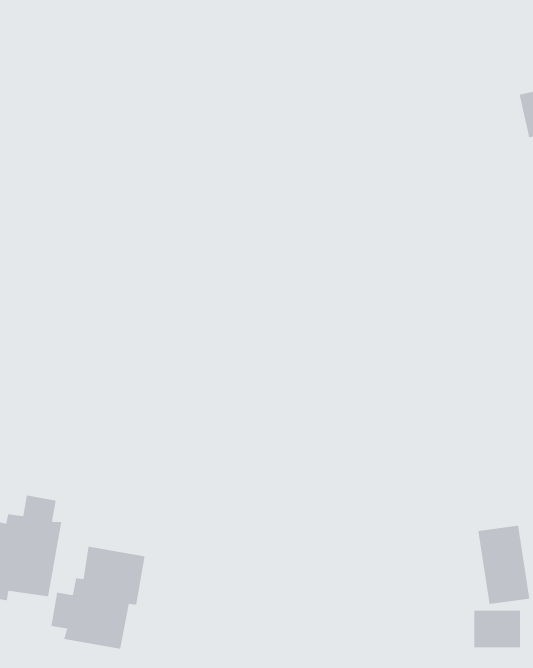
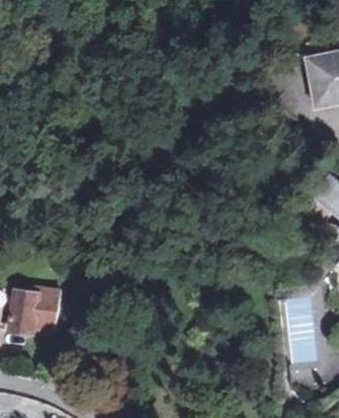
building: [51,546,145,649] -> none

